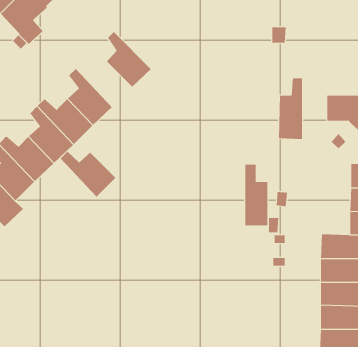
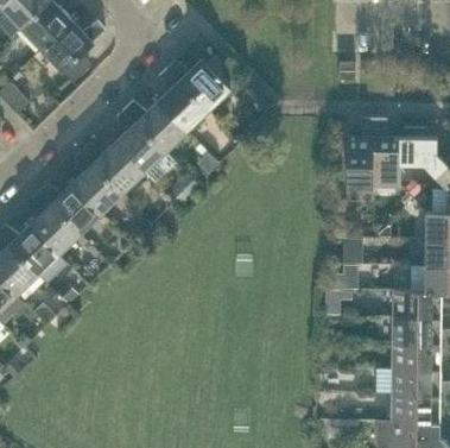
building: none -> [165,59,229,111]
building: [60,151,116,197] -> [123,101,185,152]
building: [245,164,268,226] -> [373,120,399,188]

